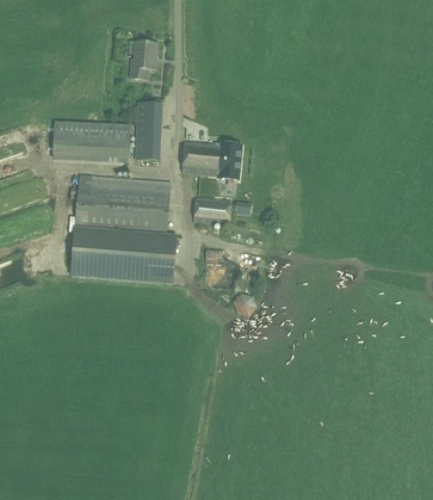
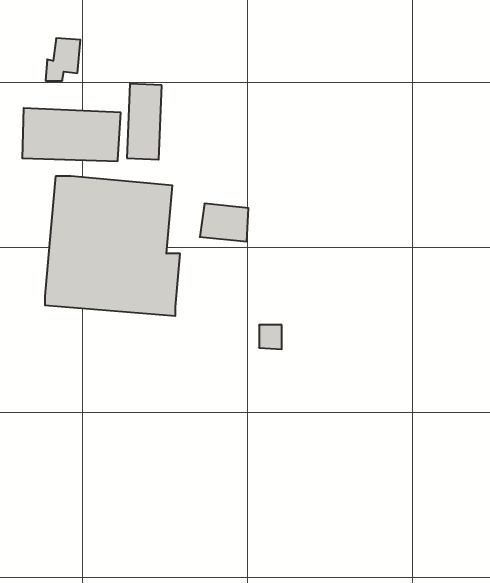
building: [129,42,156,75] -> [46,38,80,81]
building: [181,141,236,191] -> none

